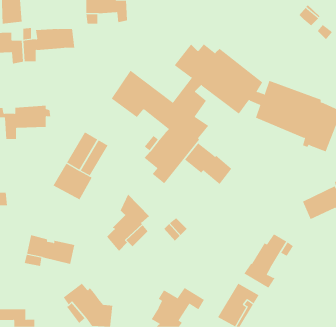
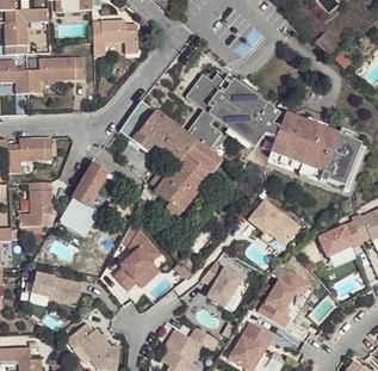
building: [184,142,232,185] -> [248,200,298,245]
building: none -> [20,183,55,228]
building: none -> [202,262,241,304]

